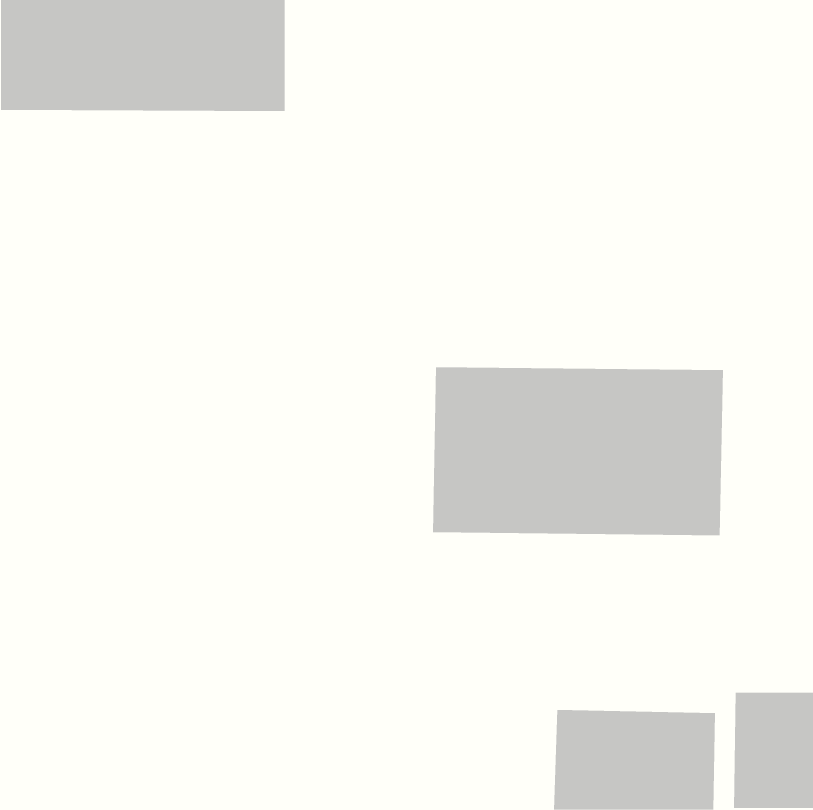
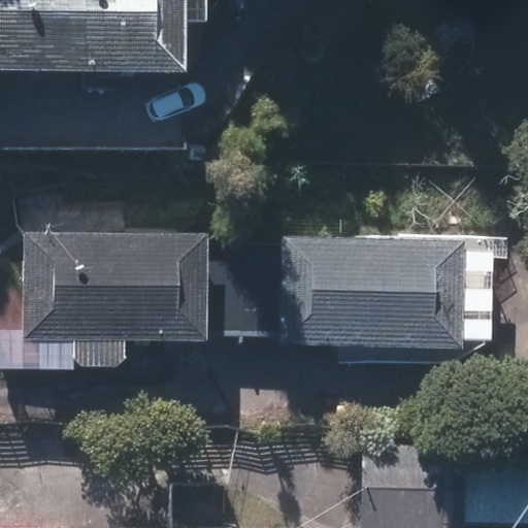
building: none -> [21,232,210,367]

